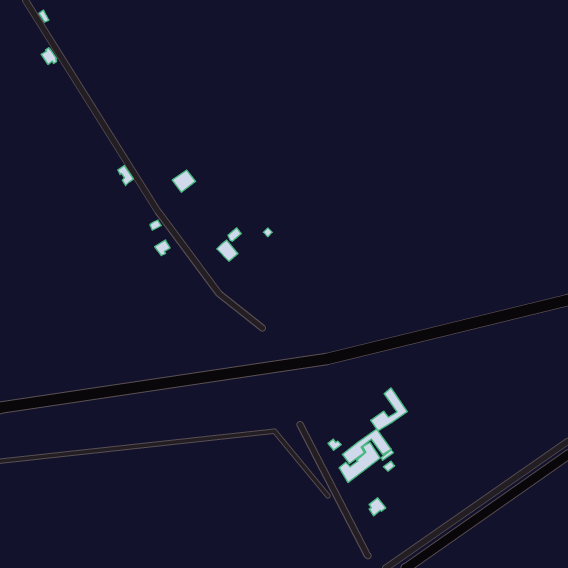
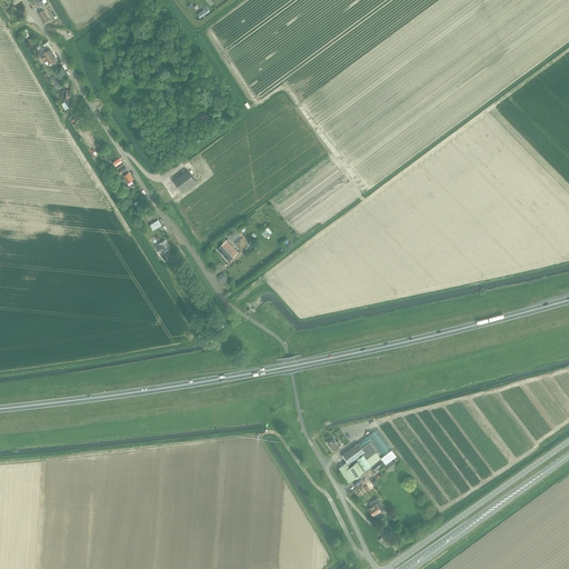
building: [371,388,407,431] -> none

